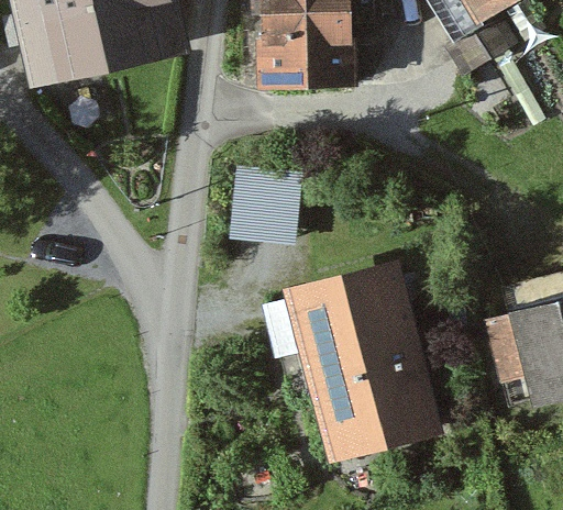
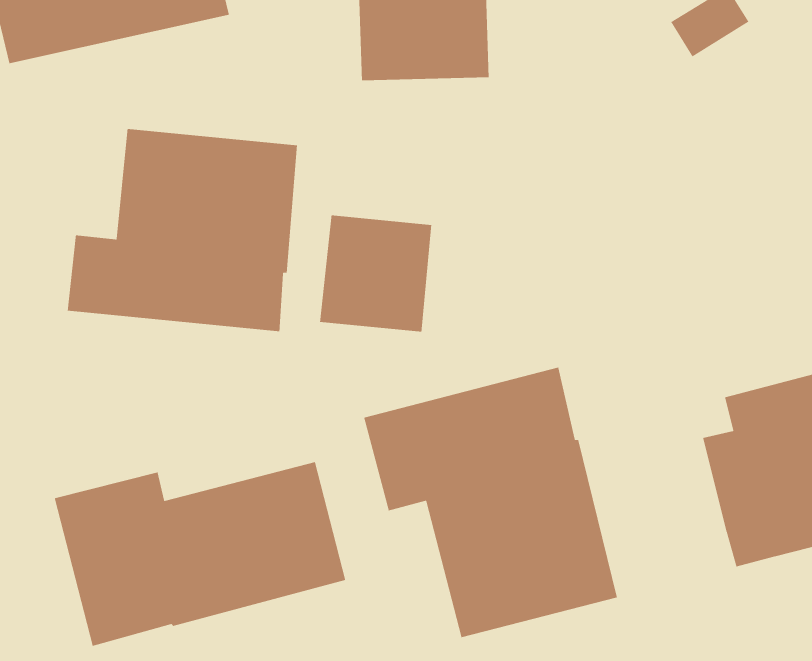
building: none -> [67,128,298,332]
building: none -> [54,461,346,647]

